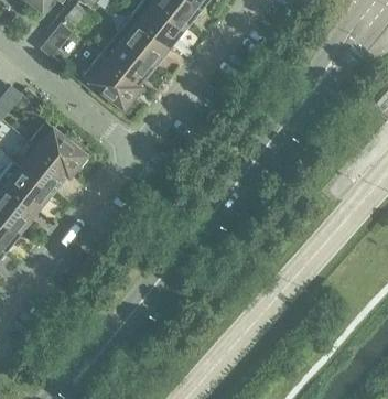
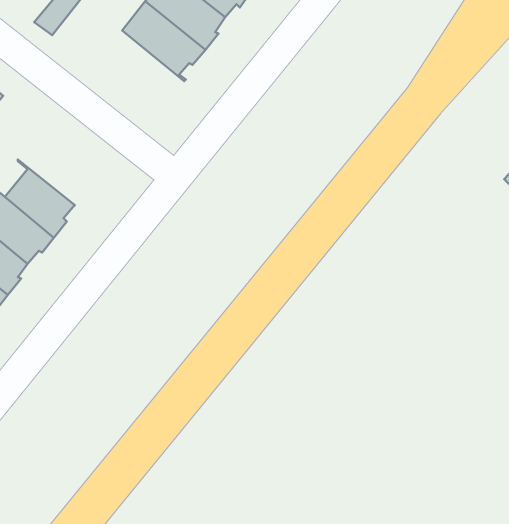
building: [82,54,140,109] -> none
building: [28,121,86,176] -> none

